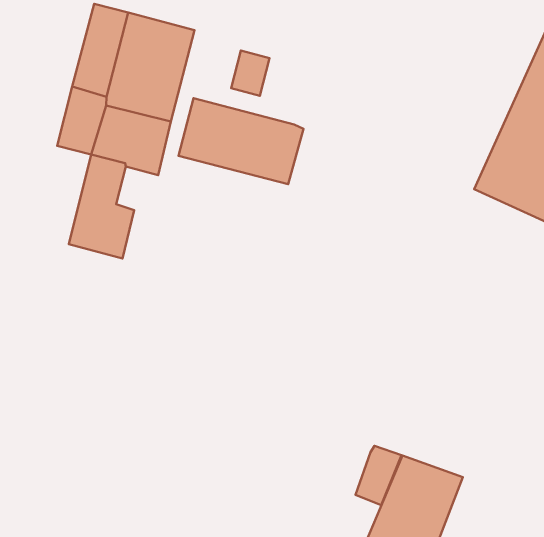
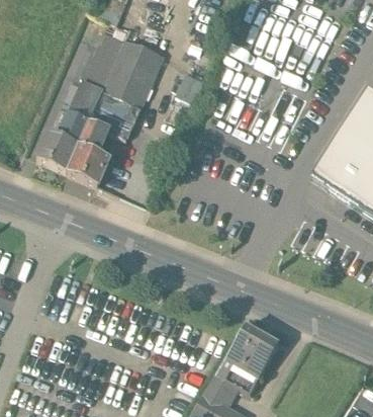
building: [179,98,303,184] -> none
building: none -> [38,111,90,170]
building: [355,446,401,505] -> none

